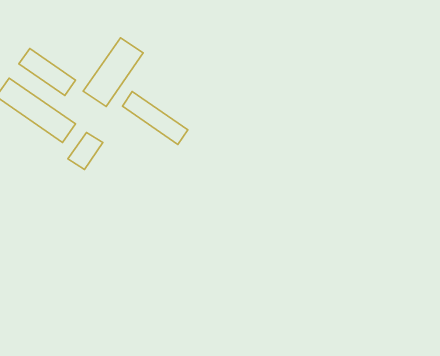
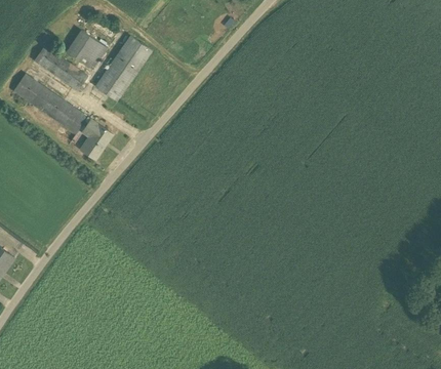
building: none -> [65,31,106,70]
building: [122,91,188,145] -> none

